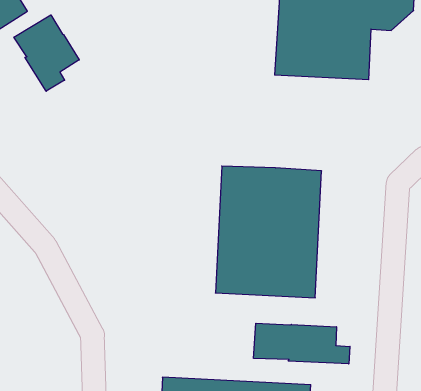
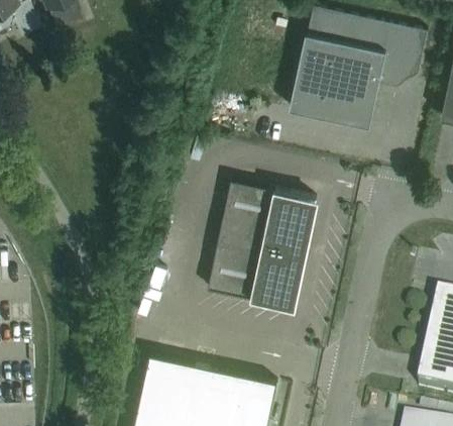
building: [14,15,79,91] -> none
building: [254,323,350,364] -> none

